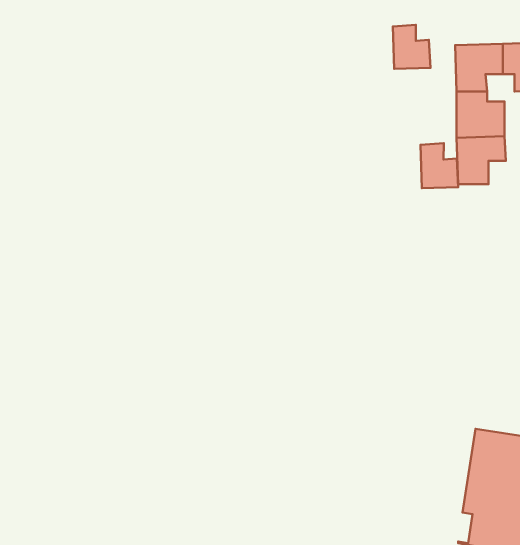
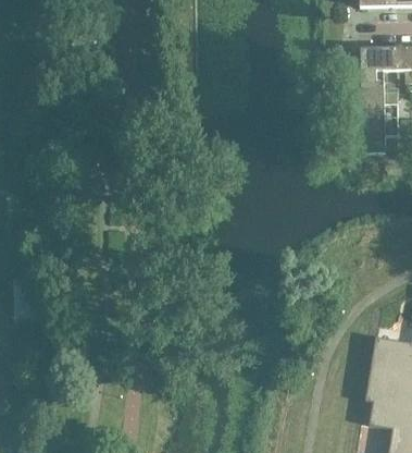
building: [393,25,430,69] -> none
building: [421,143,458,188] -> none

